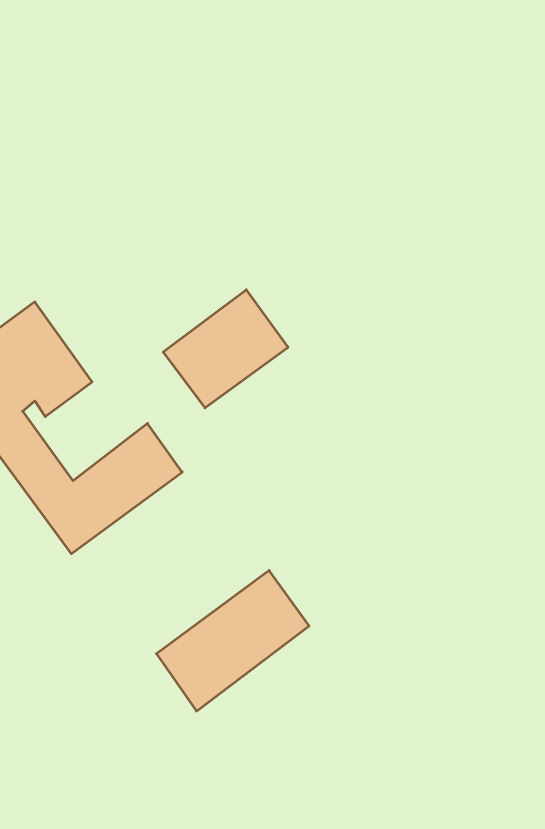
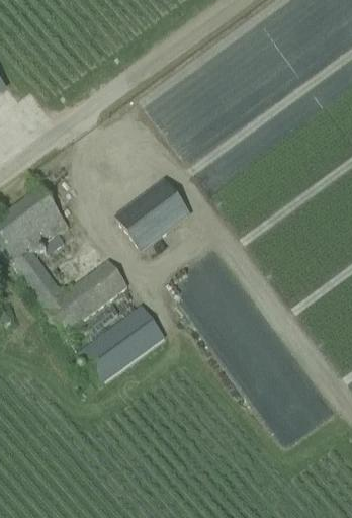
building: [156,570,309,711] -> [78,303,167,384]

